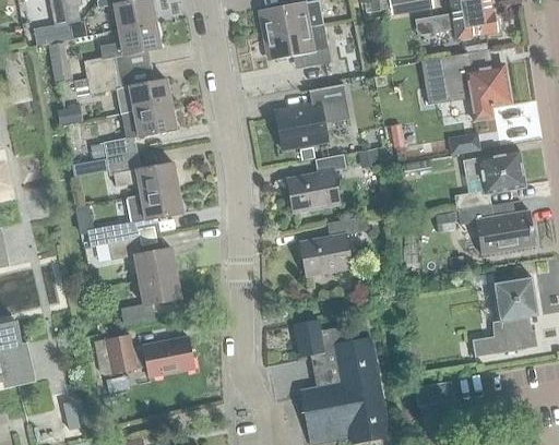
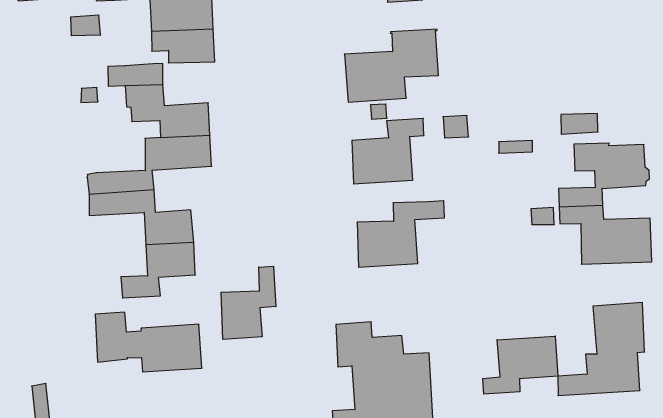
building: [420,50,509,122] -> none
building: none -> [221,266,276,339]
building: none -> [483,336,558,394]

